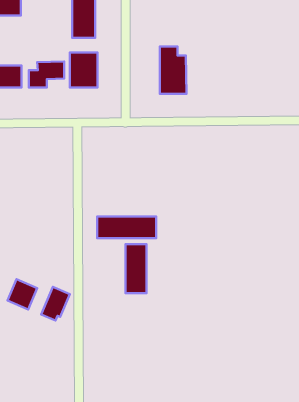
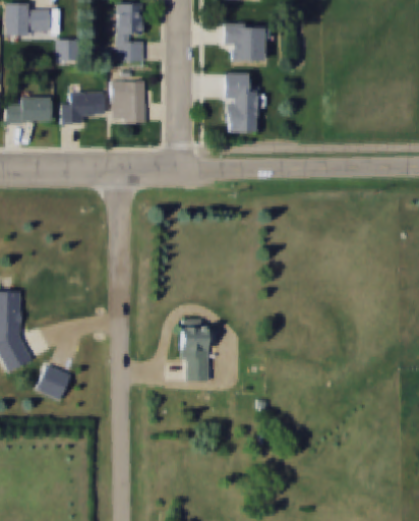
building: none -> [223,23,265,62]
building: none -> [56,39,78,62]
building: [97,217,156,238] -> none
building: [41,287,70,321] -> none

